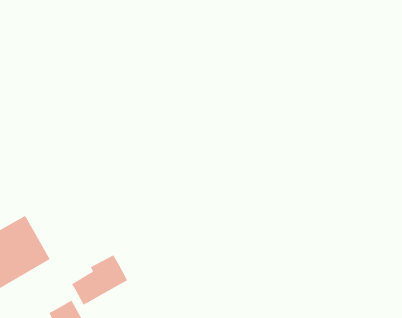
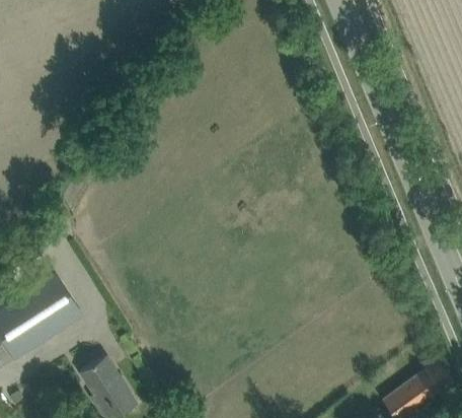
building: [71,255,128,305] -> none

